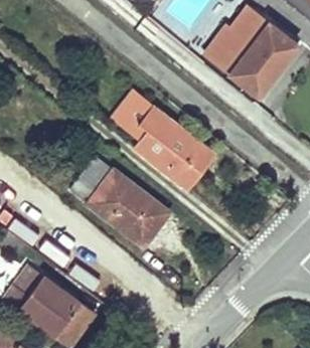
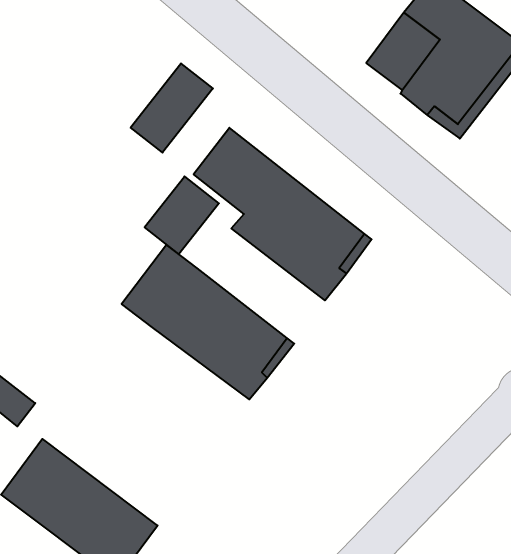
building: none -> [131,63,213,153]
building: none -> [145,176,219,254]

